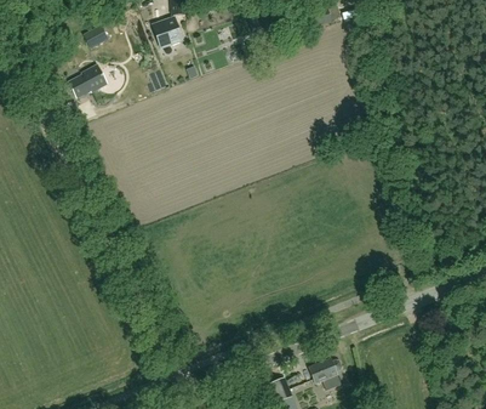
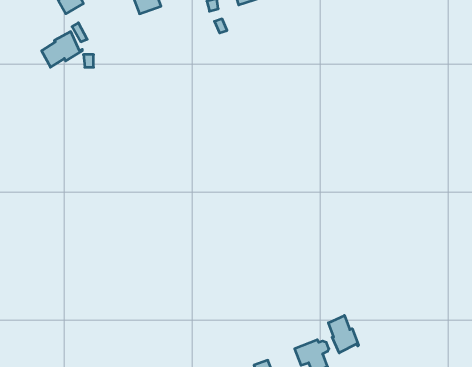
building: none -> [328,315,359,353]

